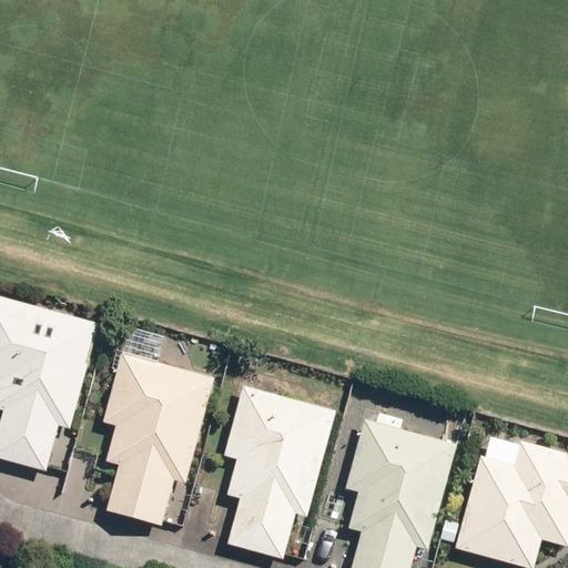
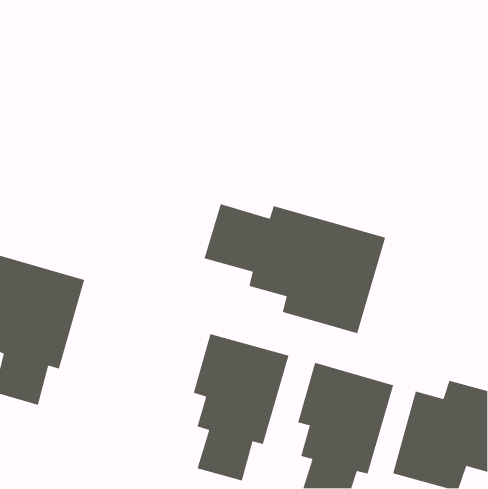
building: none -> [203,203,386,334]
building: [102,353,214,526] -> none

